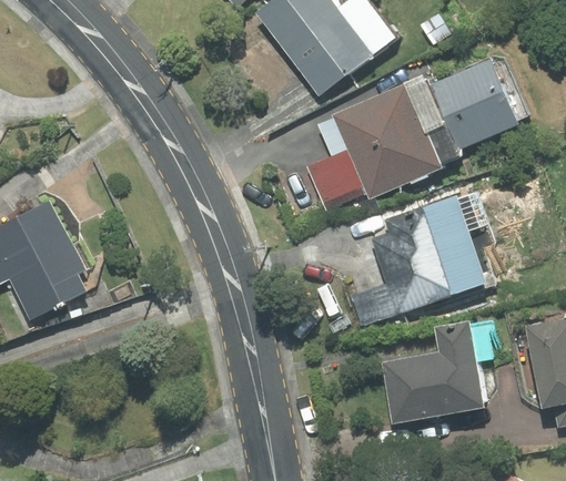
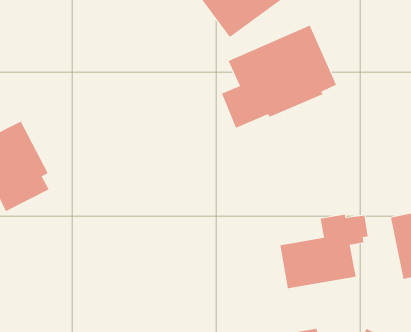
building: [434,62,517,146] -> none
building: [354,191,505,325] -> none

